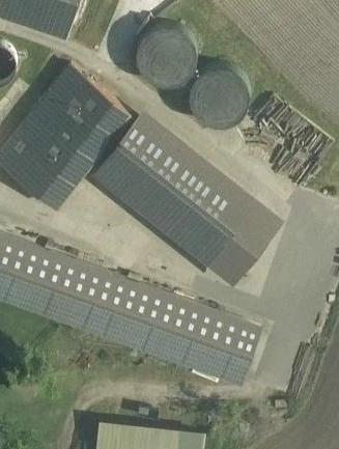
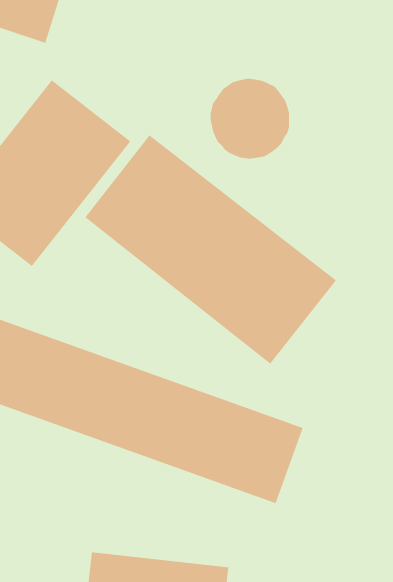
building: [135,24,196,84] -> none

